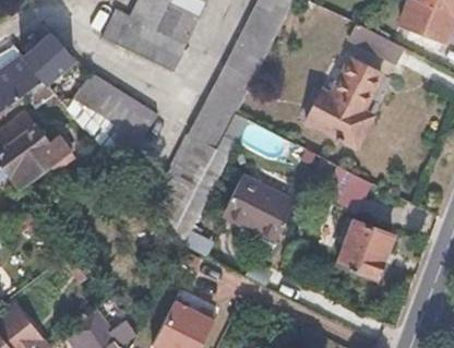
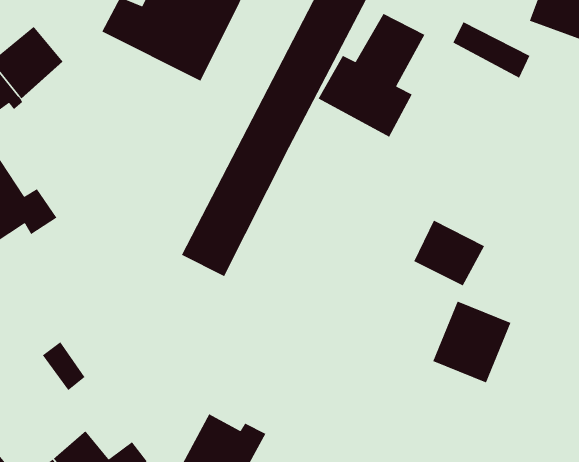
building: [306,60,381,147] -> [318,13,425,138]
building: [74,70,158,152] -> none
building: [220,178,292,243] -> none

